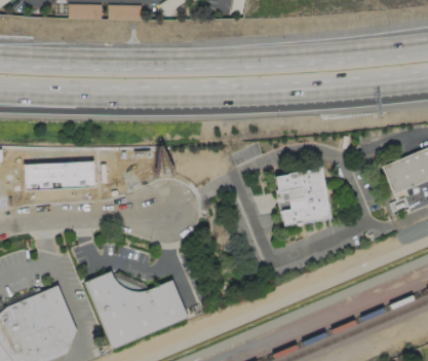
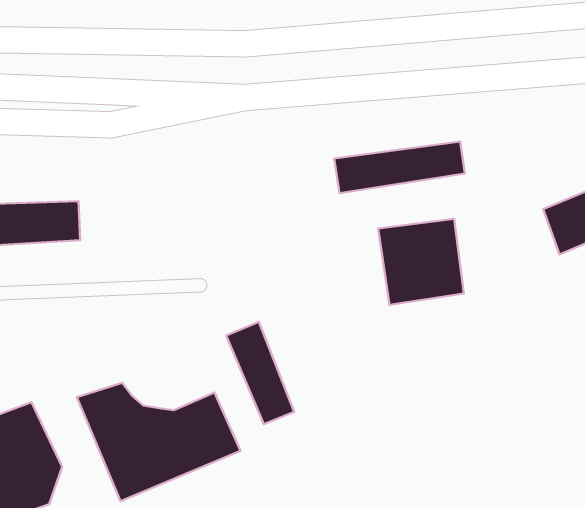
building: none -> [334,142,465,193]
building: none -> [226,322,294,424]

